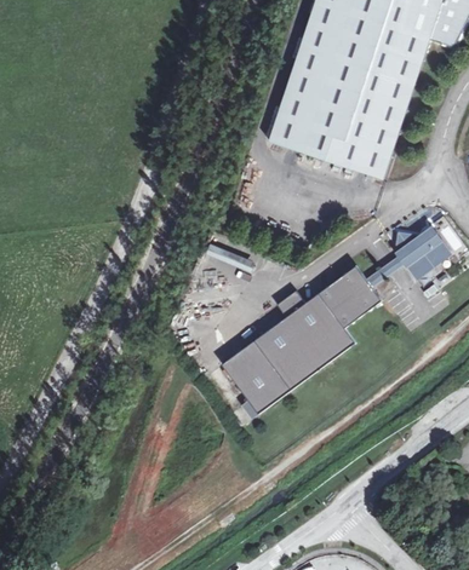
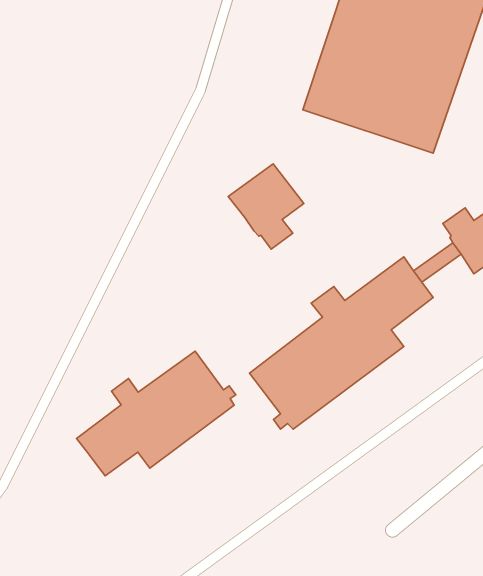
building: none -> [228,164,304,249]
building: none -> [77,351,236,476]

